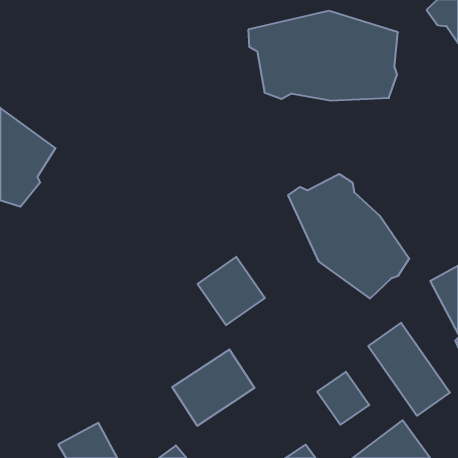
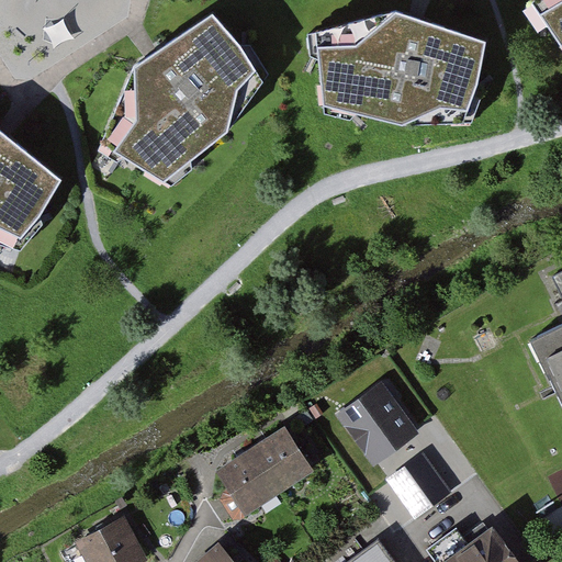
building: none -> [98,15,270,187]
building: [288,174,409,299] -> none
building: [198,257,265,325] -> [335,382,417,465]
building: [368,323,450,416] -> none

